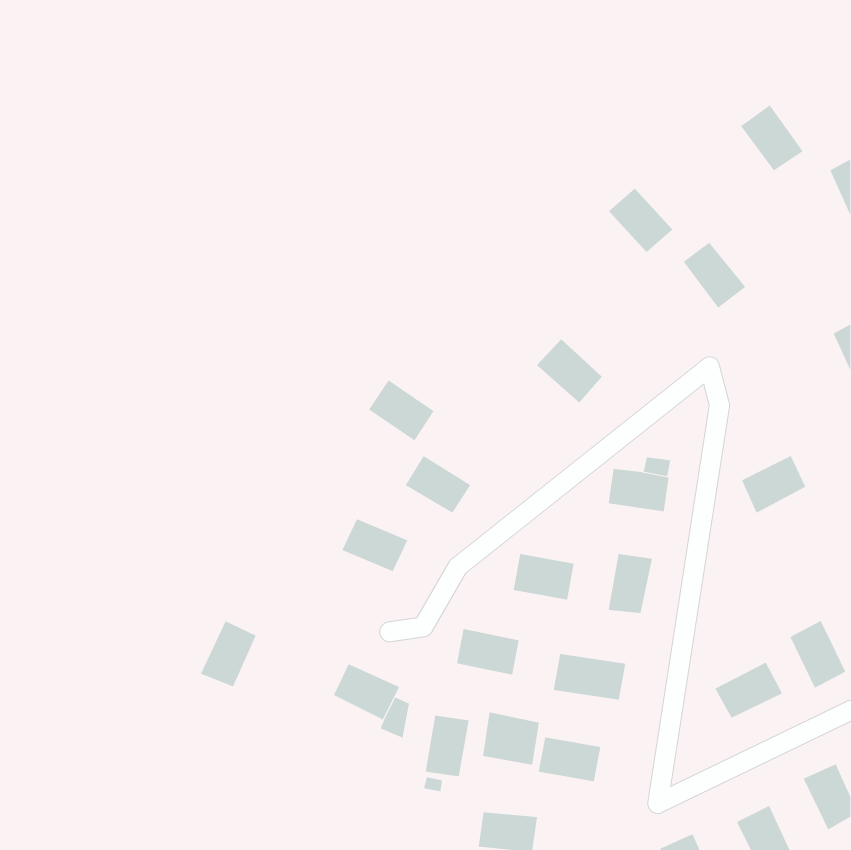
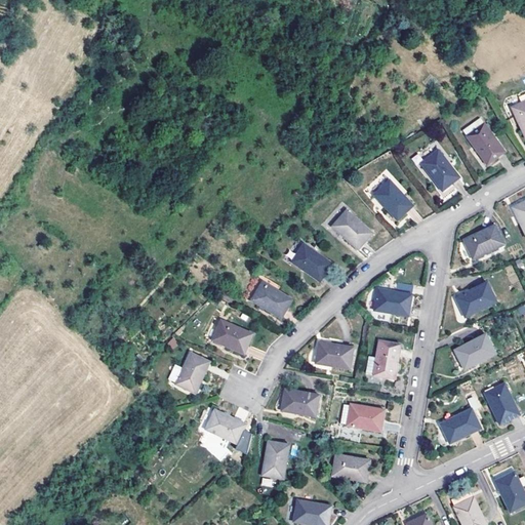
building: [740,104,804,171] -> [466,122,504,163]
building: [608,188,673,253] -> [372,179,412,219]
building: none -> [463,224,506,258]
building: [368,379,435,441] -> [290,243,331,281]
building: none -> [455,333,496,369]
building: [200,620,257,687] -> [174,352,209,393]
building: [483,711,539,765] -> none

